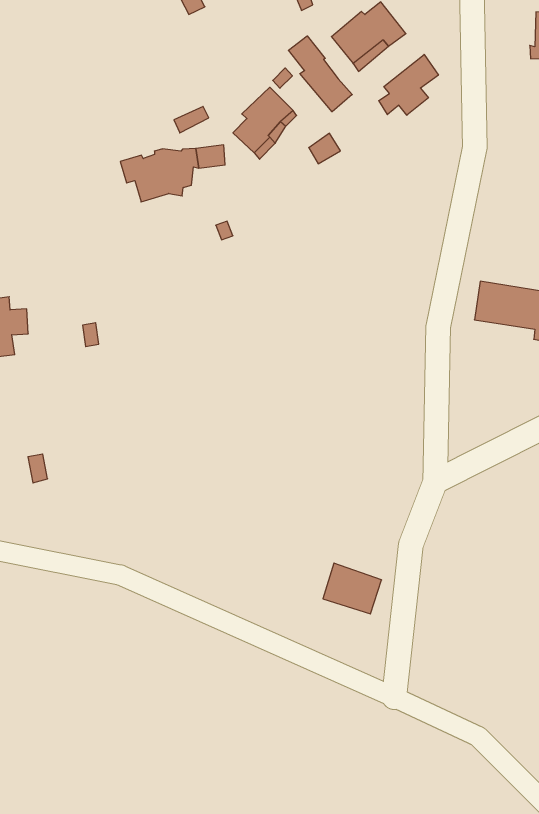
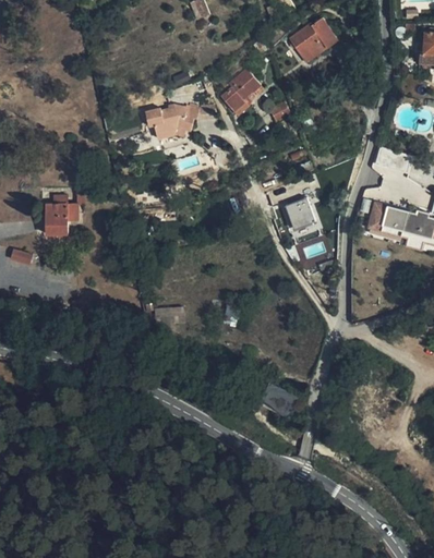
building: [288,36,352,112] -> none
building: [379,54,438,115] -> none
building: none -> [284,197,315,230]

